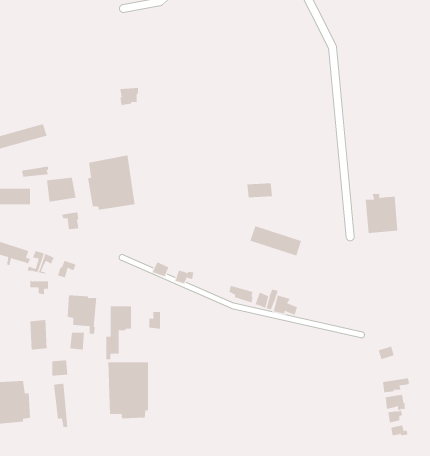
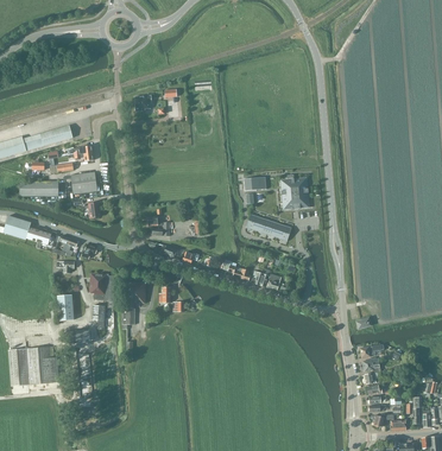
building: [87,154,135,210] -> none
building: [365,194,398,234] -> [280,174,309,209]
building: [108,361,148,419] -> none

